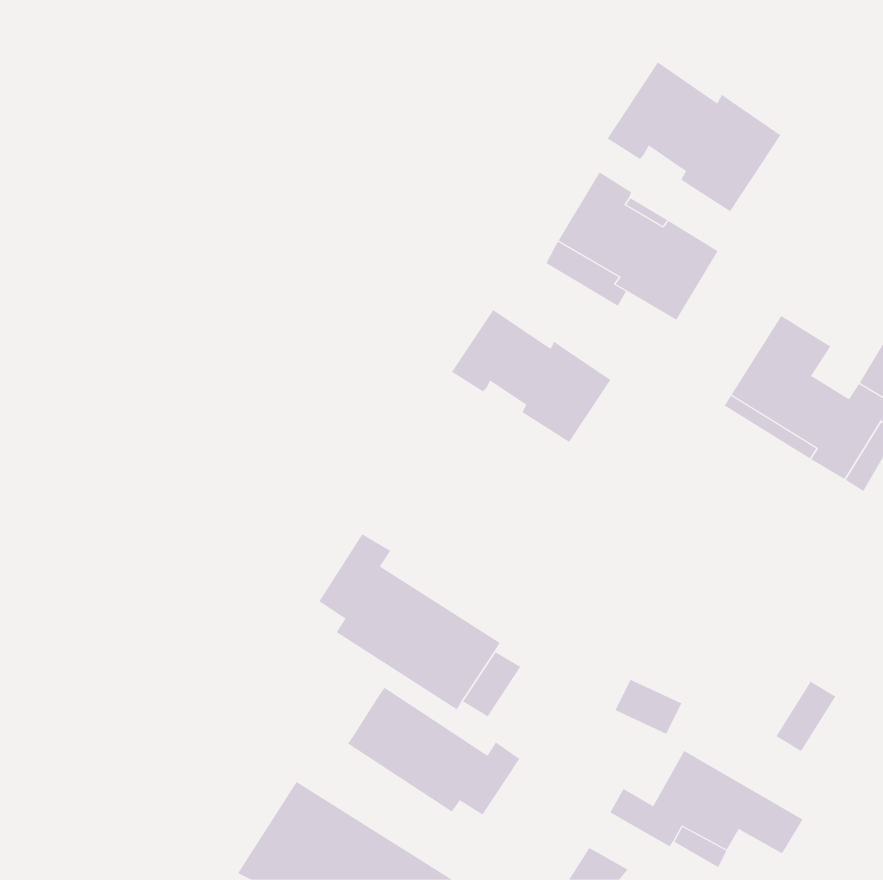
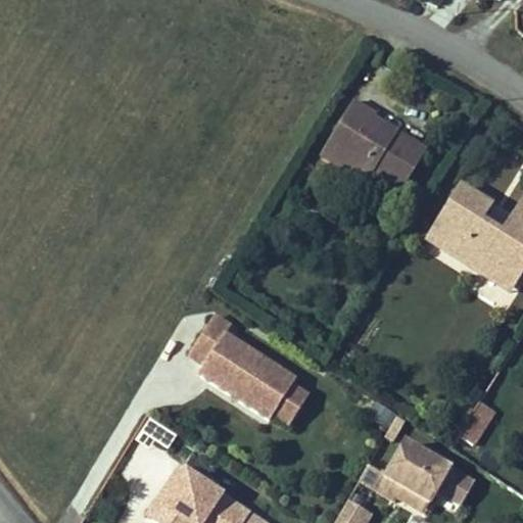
building: [607,62,781,212] -> none
building: [451,309,611,443] -> none
building: [347,687,520,816] -> none

